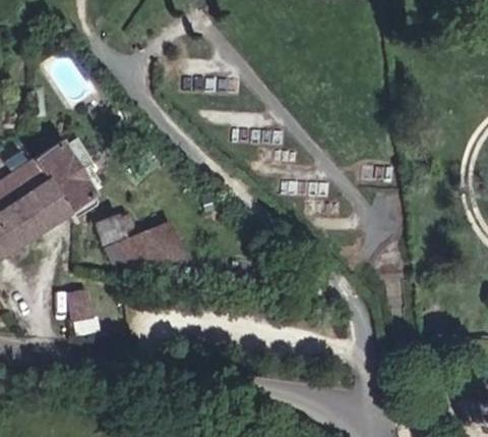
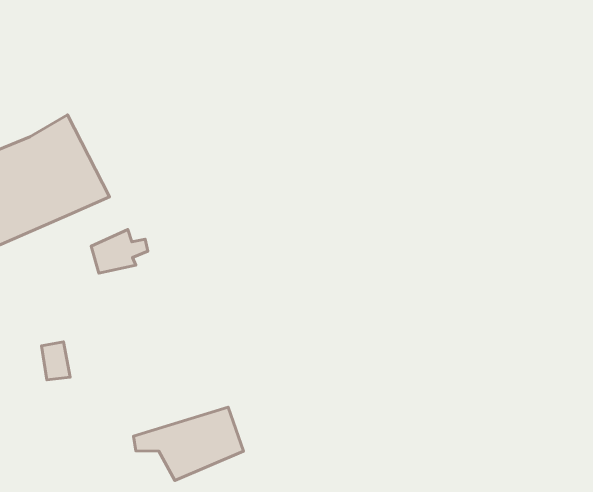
building: [103,225,182,282] -> [133,407,244,481]

